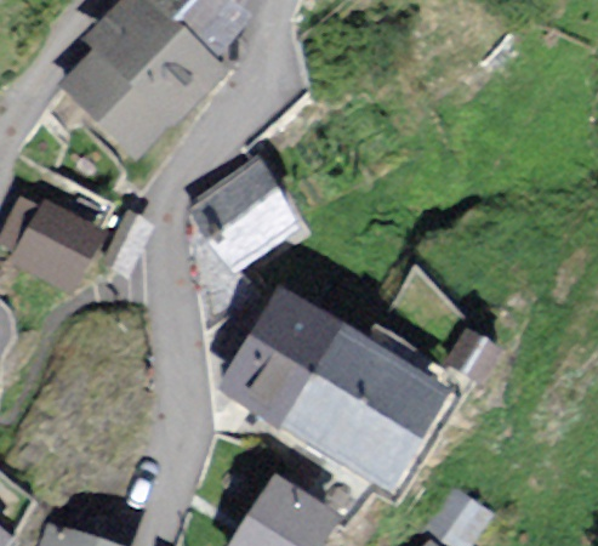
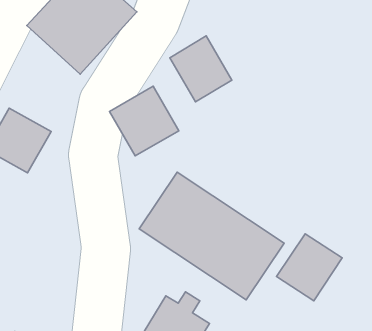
building: none -> [170,36,232,102]
building: none -> [277,234,342,301]

